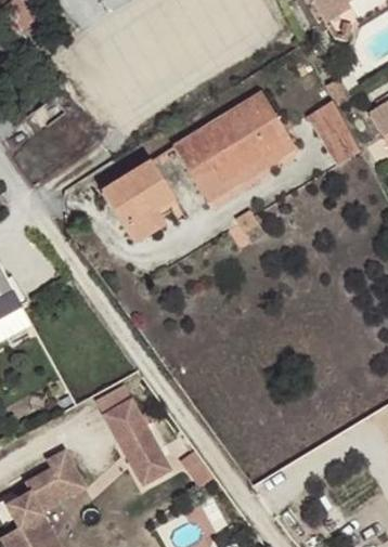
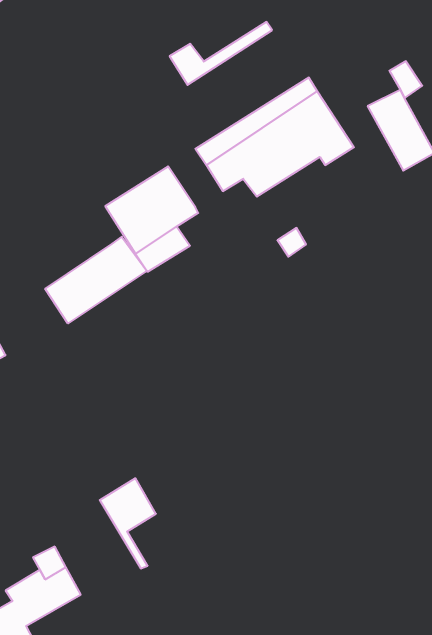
building: [194,152,275,201] -> [170,22,272,85]
building: none -> [45,237,147,323]
building: [118,434,166,493] -> none

